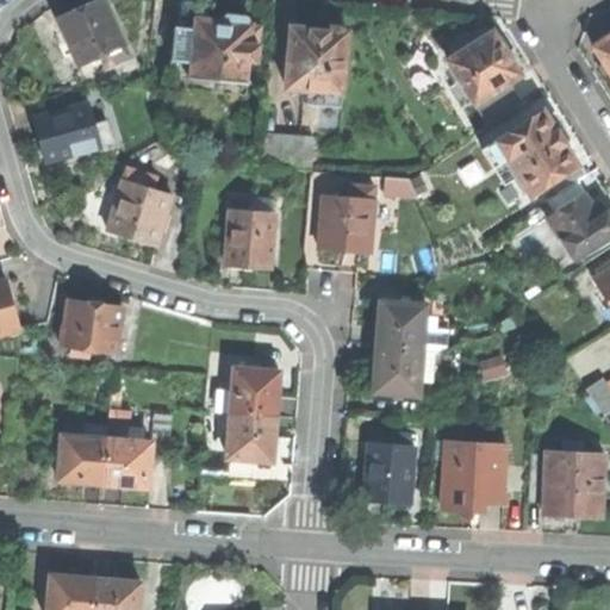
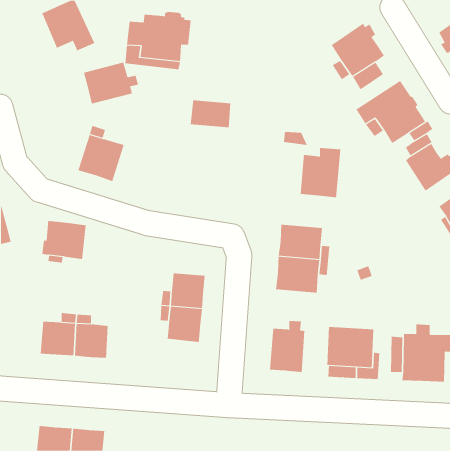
building: [286,25,346,107] -> none
building: [32,104,107,161] -> [83,62,139,104]
building: [319,186,375,254] -> [300,147,341,198]
building: [225,198,275,269] -> none

